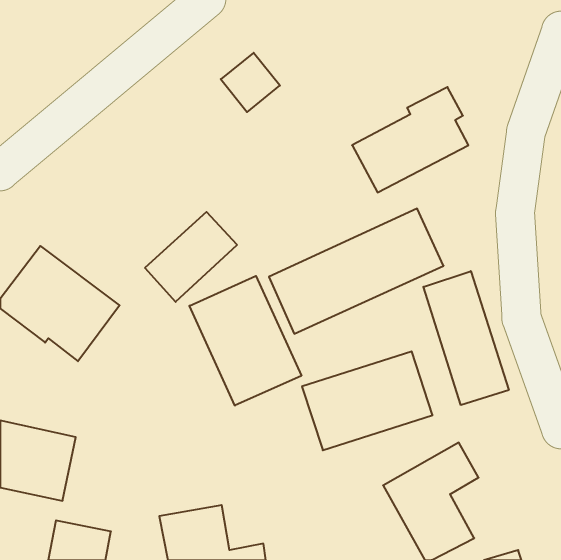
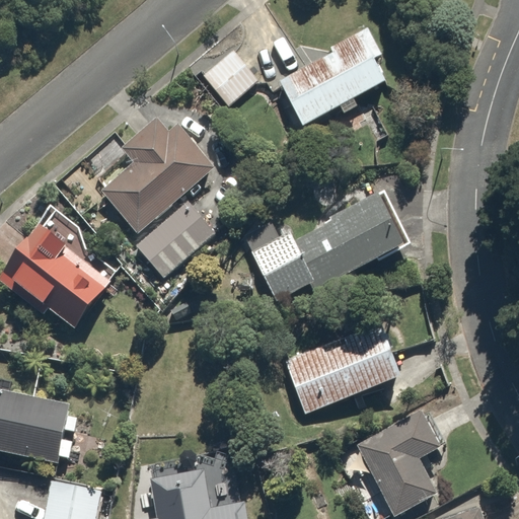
building: [352,87,468,192] -> [280,26,387,124]
building: none -> [100,116,215,232]
building: [423,271,509,405] -> none
building: [189,276,301,406] -> none

